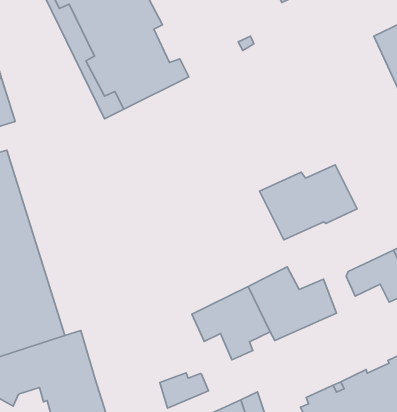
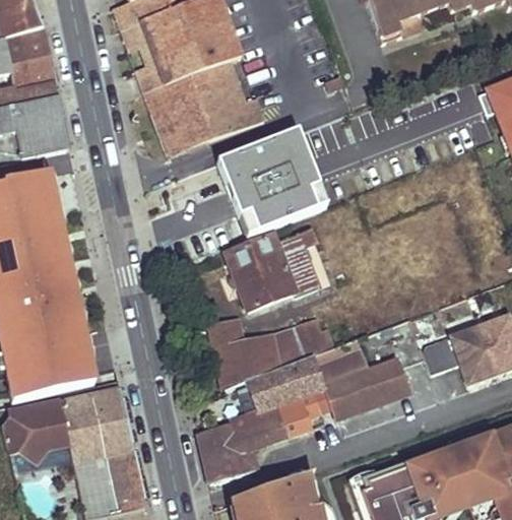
building: none -> [215,131,324,236]
building: [260,165,357,240] -> [226,230,333,309]
building: none -> [210,319,335,388]
building: none -> [199,404,287,453]

